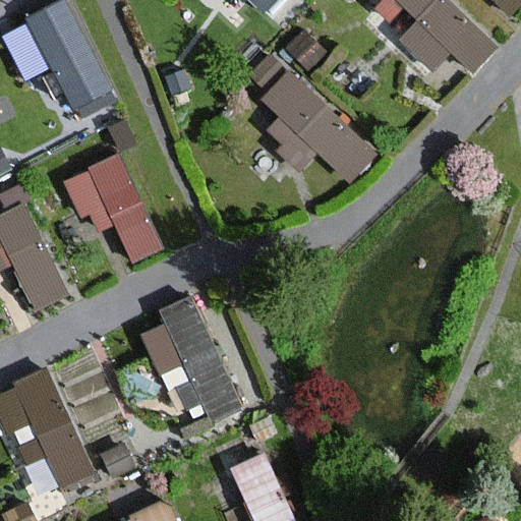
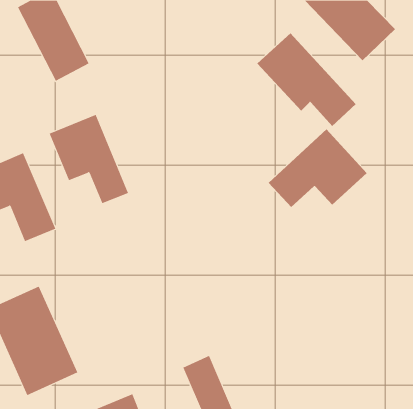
building: [249,67,374,185] -> [256,32,357,127]
building: none -> [268,129,367,208]
building: [135,297,244,427] -> none

